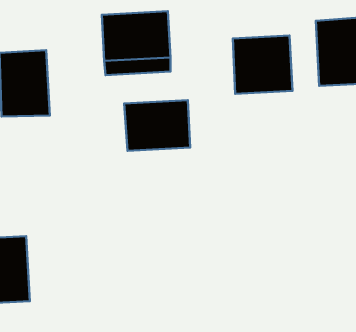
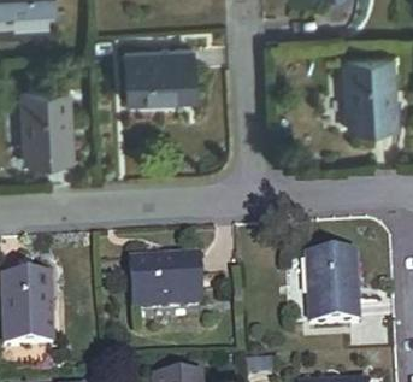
building: [233,36,293,94] -> none
building: [124,100,190,151] -> [130,253,197,305]
building: none -> [305,249,356,319]

